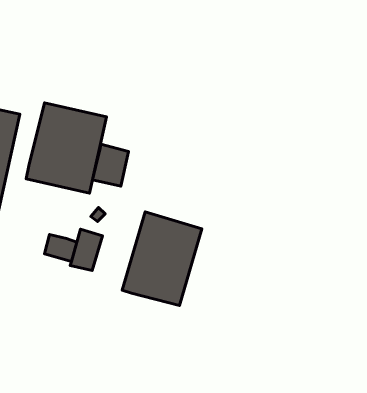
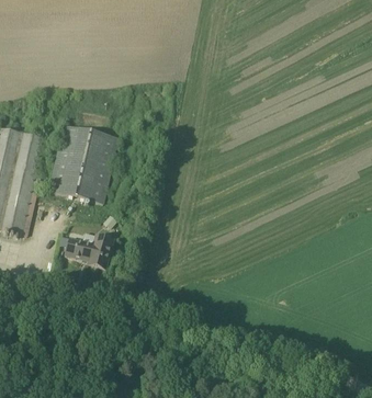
building: [93,144,128,186] -> none
building: [122,212,202,306] -> none

